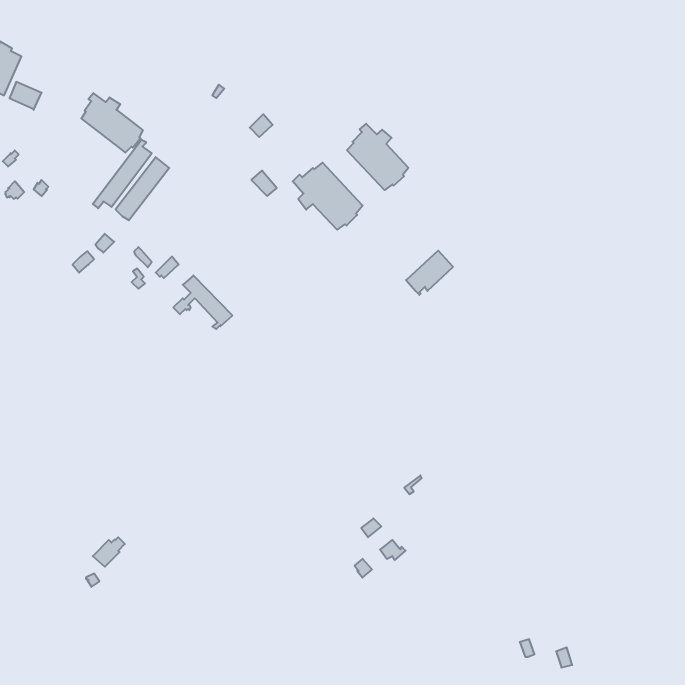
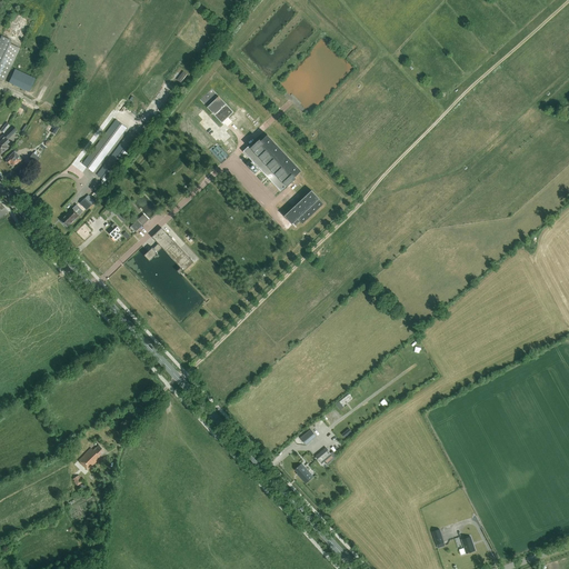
building: [81,93,143,153] -> none
building: [347,124,408,190] -> none
building: [406,251,453,295] -> [283,190,322,227]

